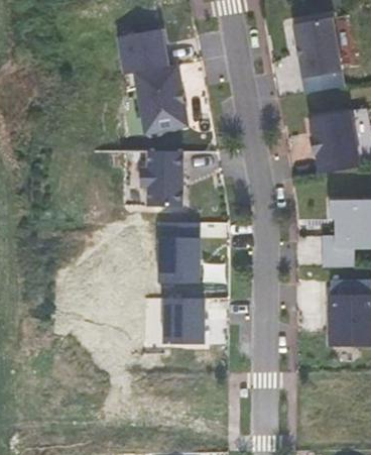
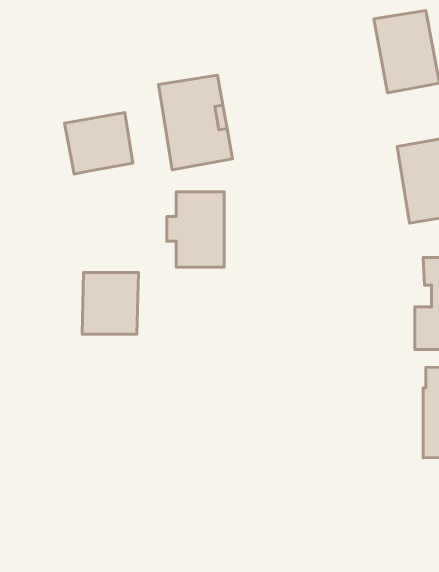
building: [118,28,168,74] -> [64,112,133,174]
building: [159,237,201,282] -> [82,272,138,334]
building: [164,298,205,344] -> none

